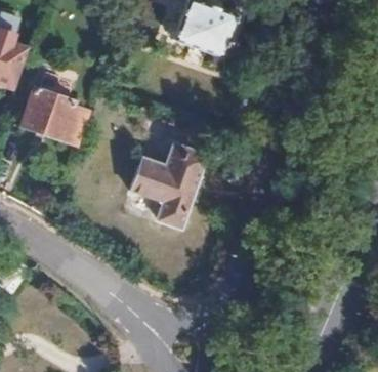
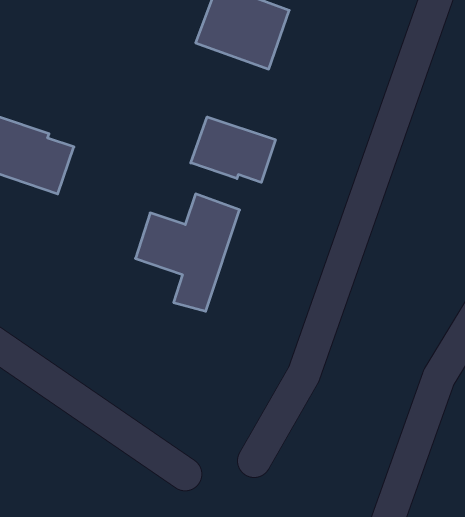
building: none -> [191,117,275,182]

